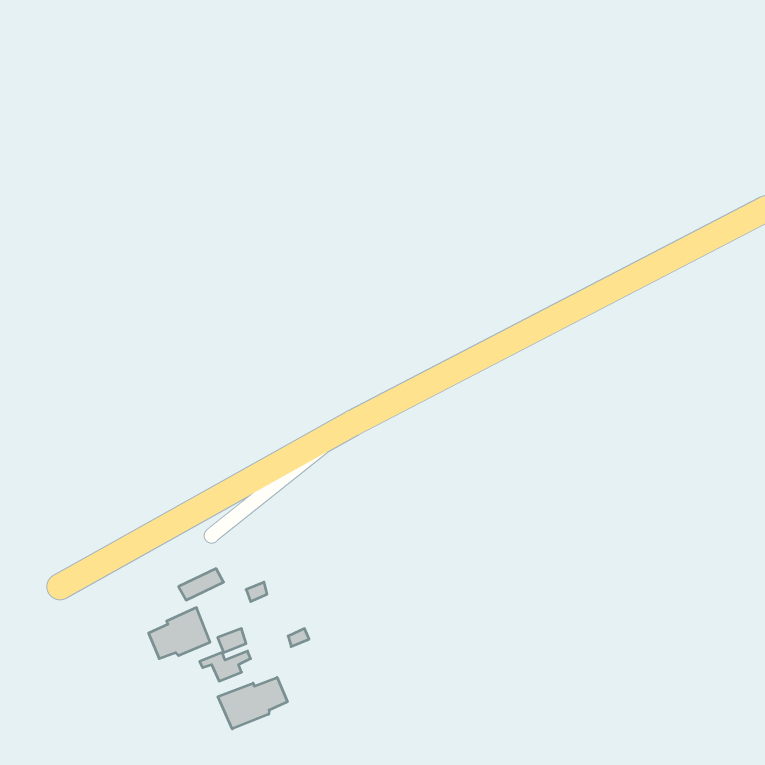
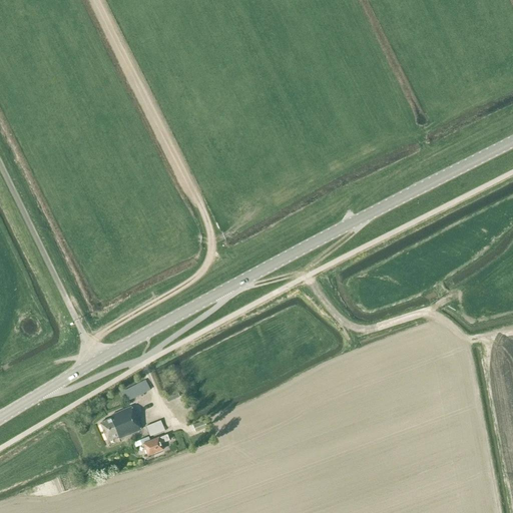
building: [218,677,287,729] -> none

